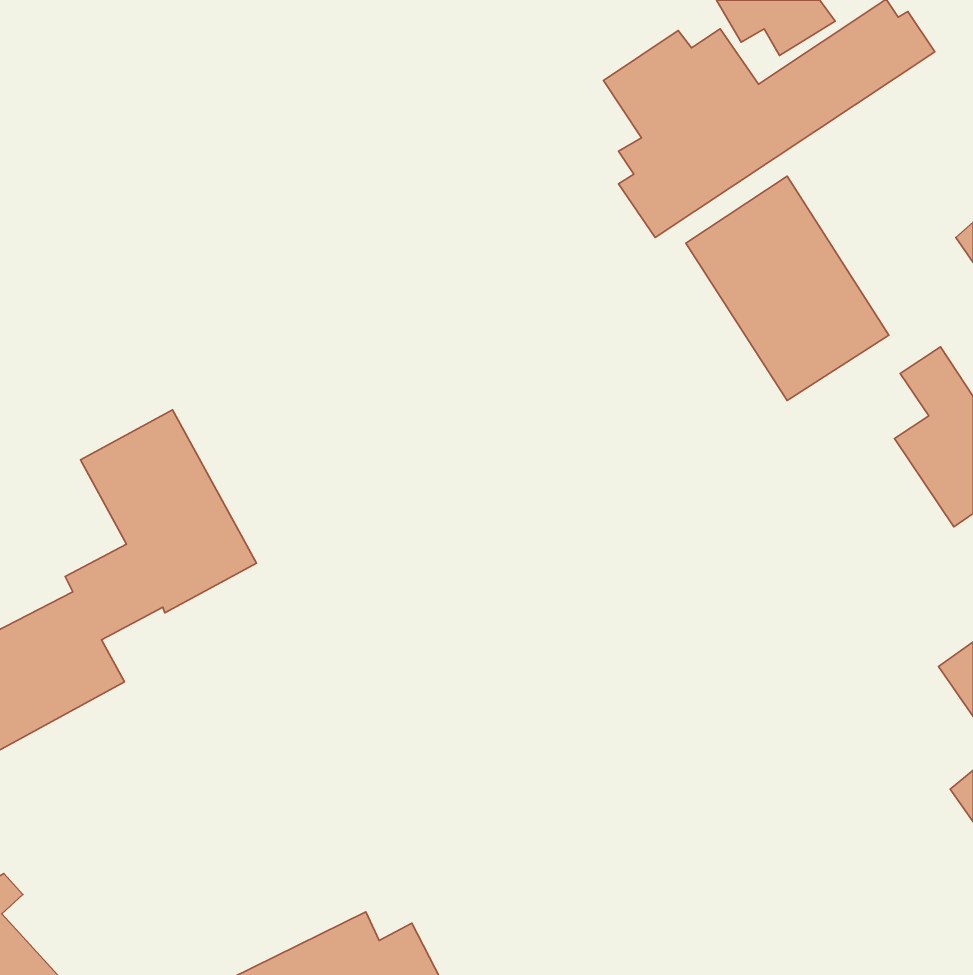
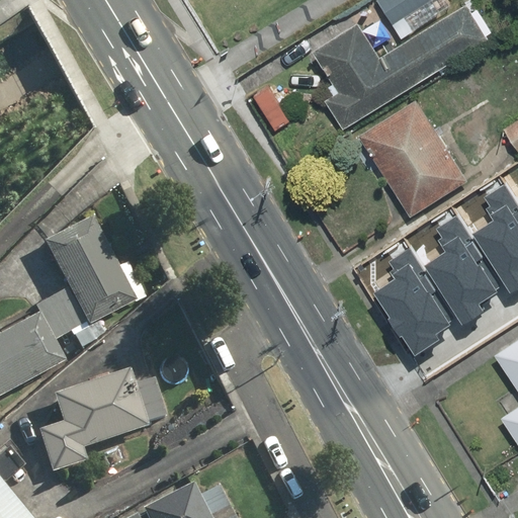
building: none -> [427,217,498,313]
building: none -> [380,247,451,343]
building: none -> [38,373,162,474]

